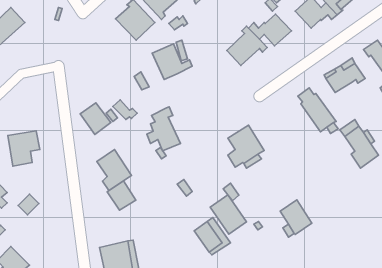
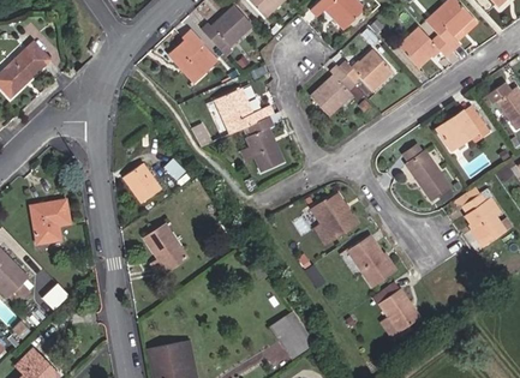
building: [147,107,180,151] -> [240,115,283,172]
building: [107,181,136,210] -> none
building: [210,195,247,234] -> [347,235,394,286]

